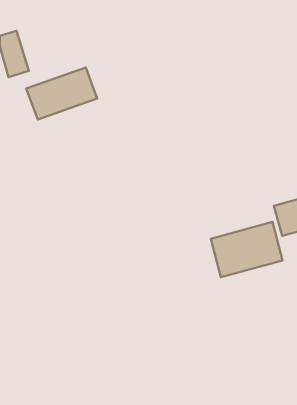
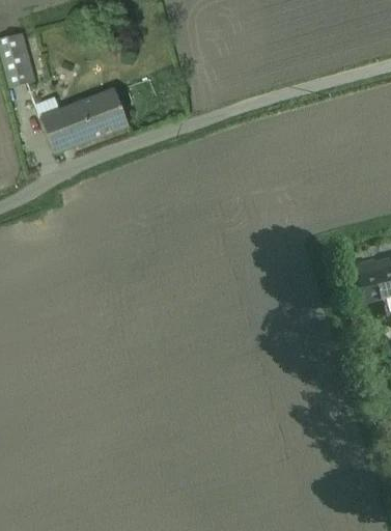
building: [211,222,283,277] -> none

